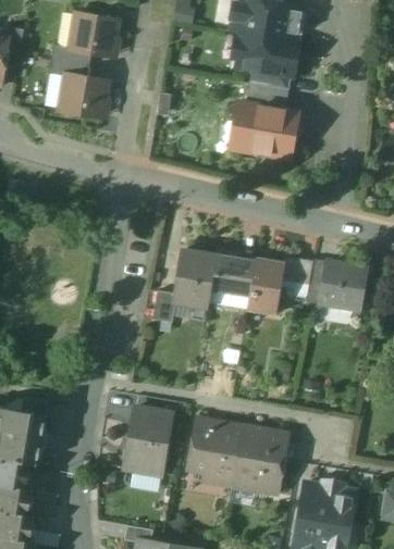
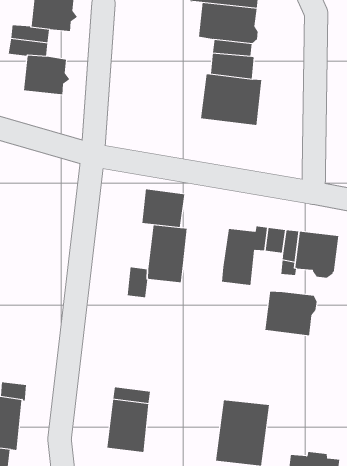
building: [210,254,255,295] -> [142,189,185,228]
building: none -> [255,291,317,336]
building: [187,417,242,485] -> none

